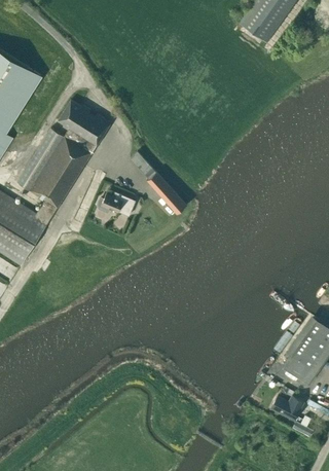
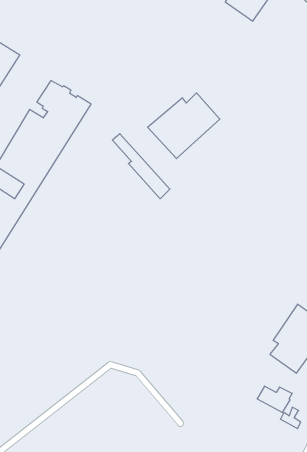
building: none -> [148,93,220,159]
building: [96,192,134,216] -> none

